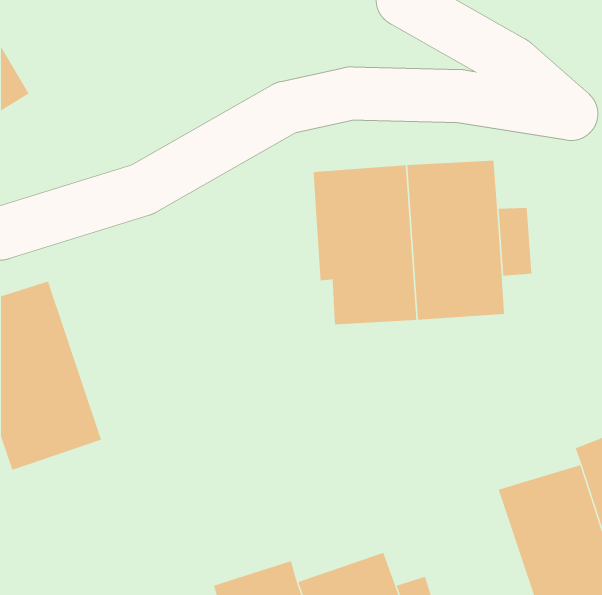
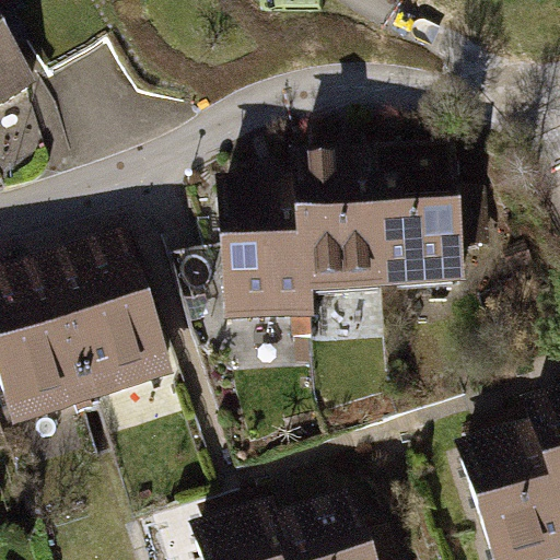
building: none -> [219,189,313,337]
building: none -> [48,243,175,416]

